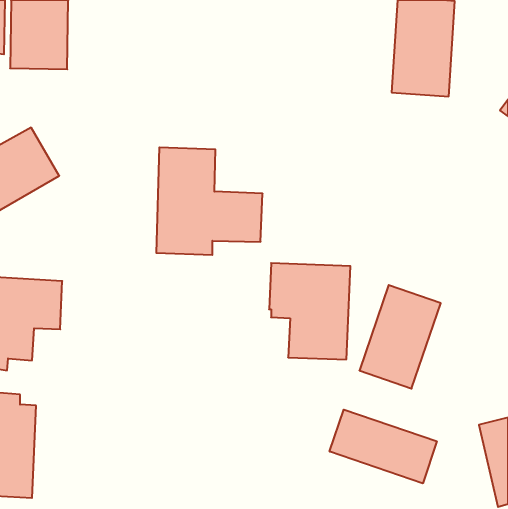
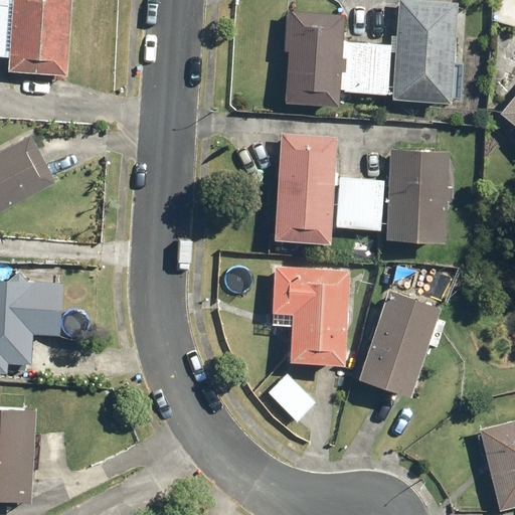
building: none -> [283,12,390,108]
building: [156,147,263,255] -> [276,135,382,242]
building: none -> [386,153,449,240]
building: [330,410,437,483] -> none

